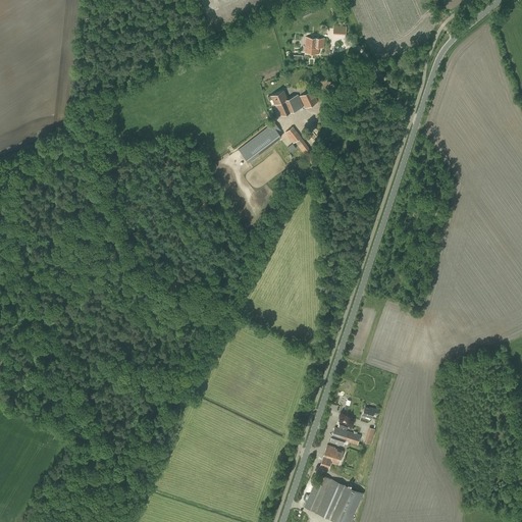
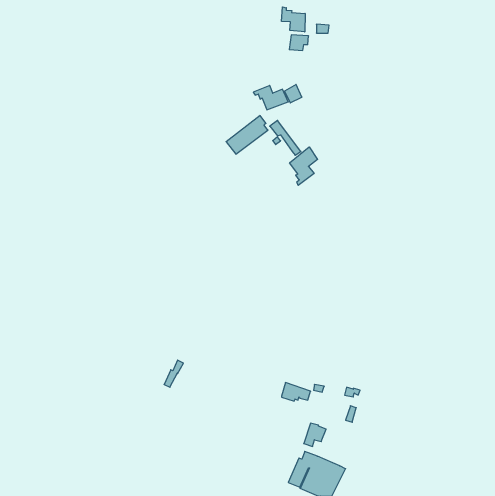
building: none -> [282,7,305,32]
building: none -> [290,147,318,185]
building: [329,426,360,446] -> [282,383,311,401]

